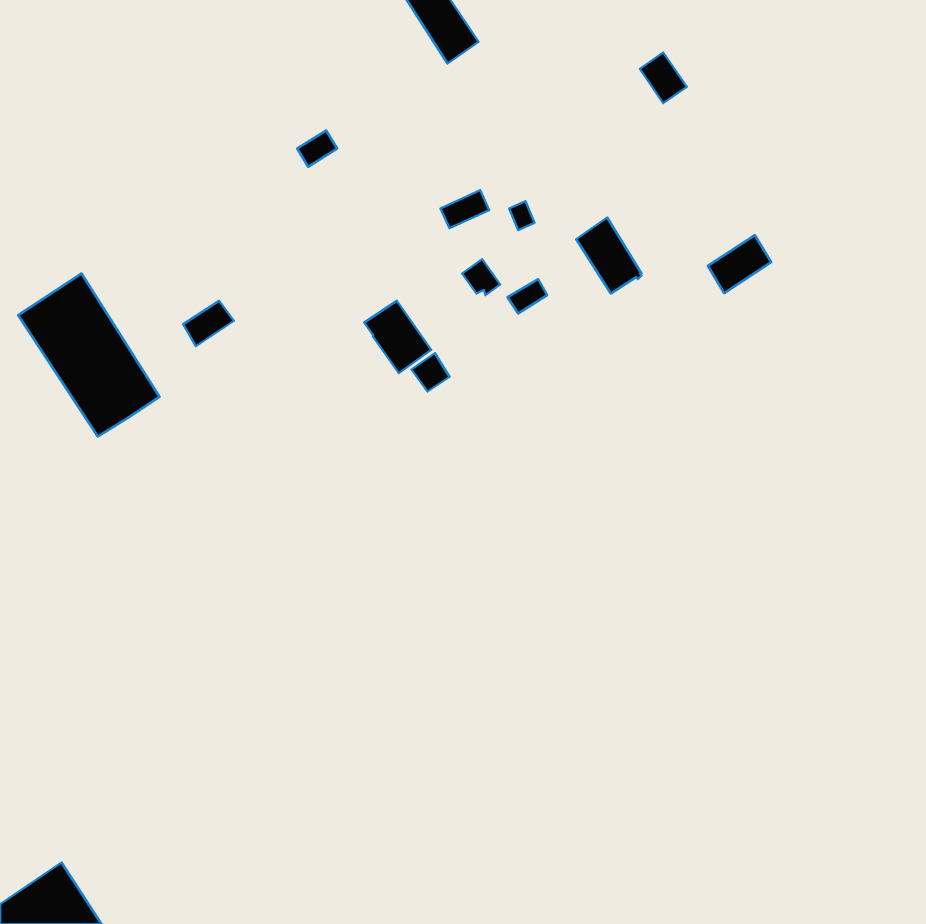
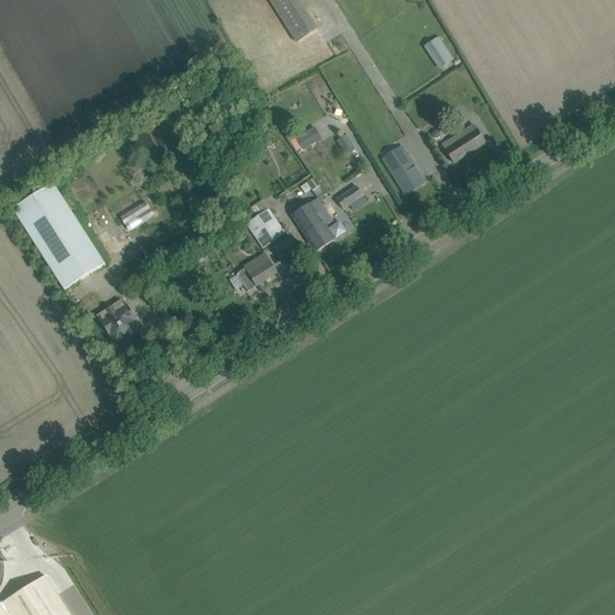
building: [708,235,771,293] -> [443,124,485,162]
building: none -> [292,197,345,251]
building: none -> [235,253,276,291]
building: none -> [97,299,141,339]

